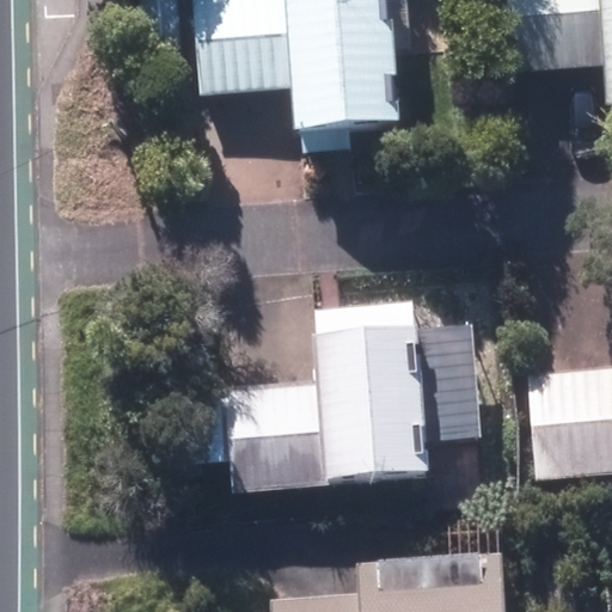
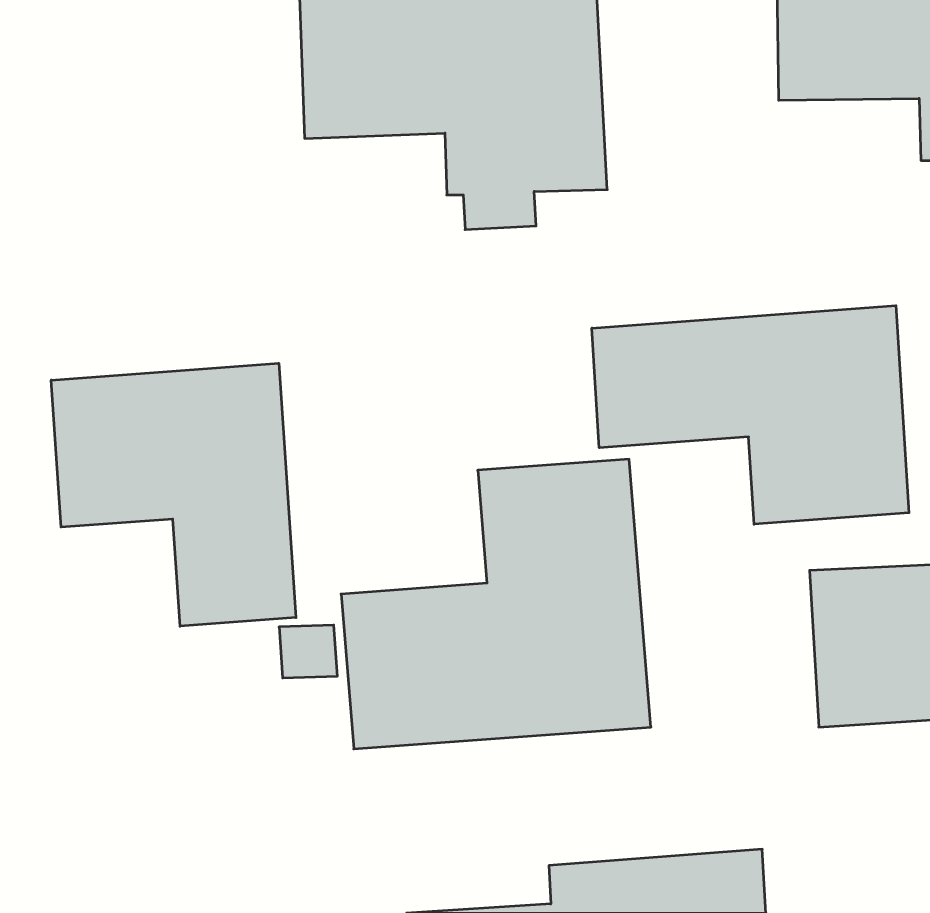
building: none -> [592,306,909,524]
building: none -> [51,363,296,626]

